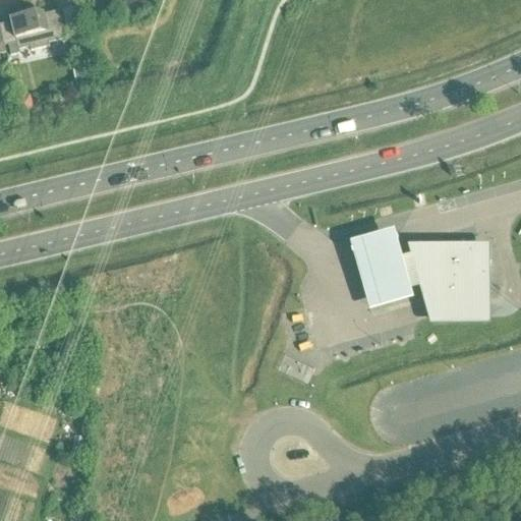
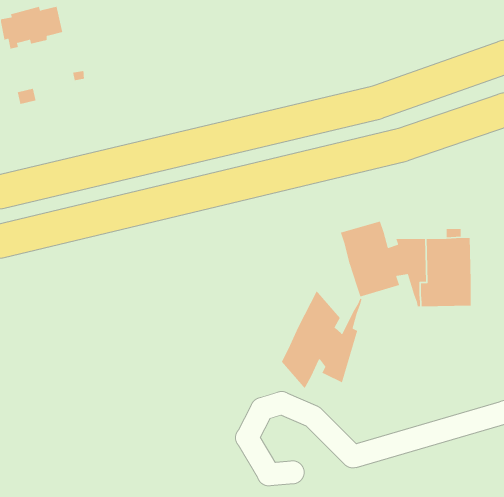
building: none -> [281,290,362,390]

